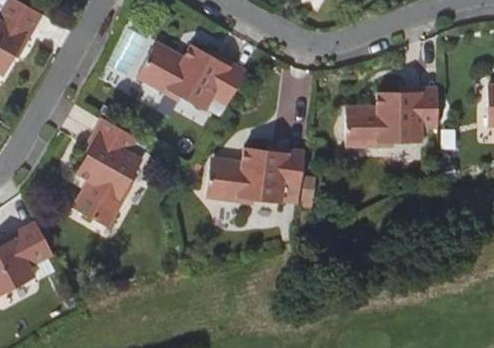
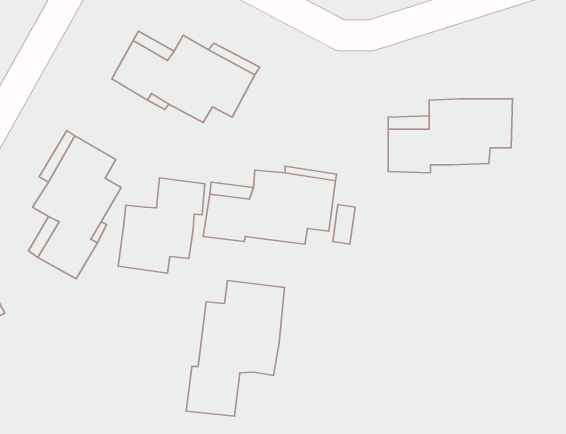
building: none -> [118,178,205,273]
building: none -> [186,280,285,416]

